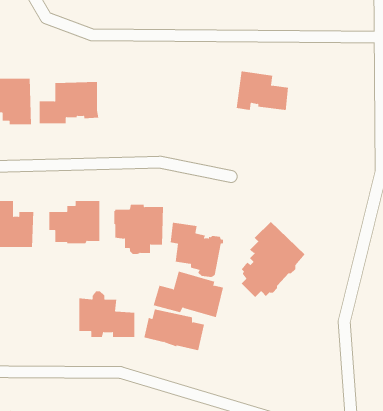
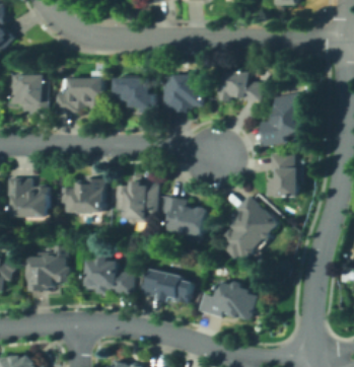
building: none -> [162,74,203,112]
building: none -> [111,77,155,113]
building: none -> [259,92,303,146]
building: none -> [266,153,298,197]
building: [153,271,224,318] -> [197,281,257,320]
building: none -> [25,254,69,291]

